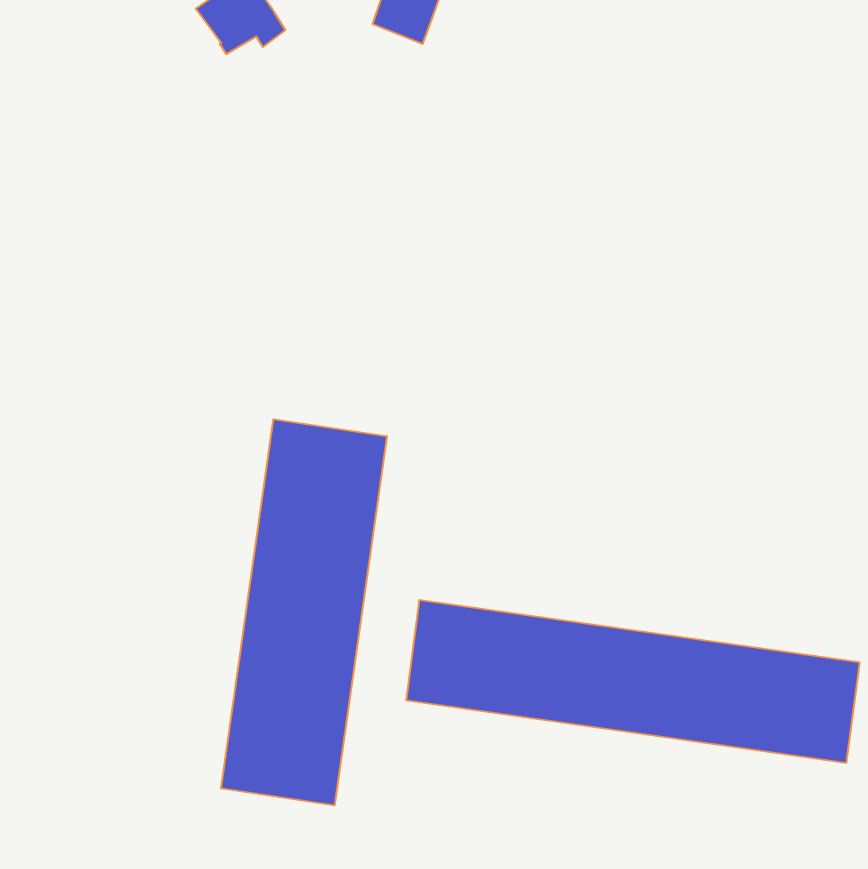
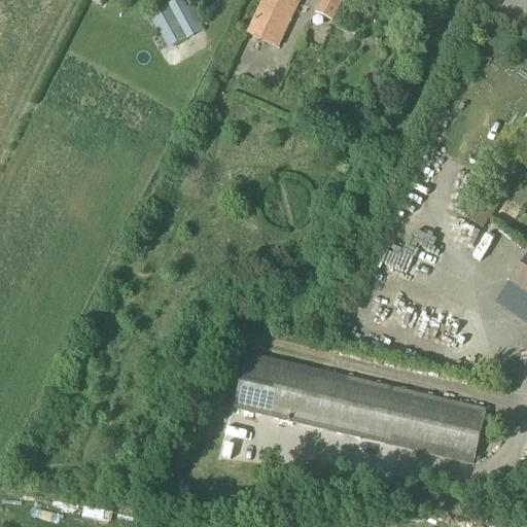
building: [221,419,387,805] -> none

